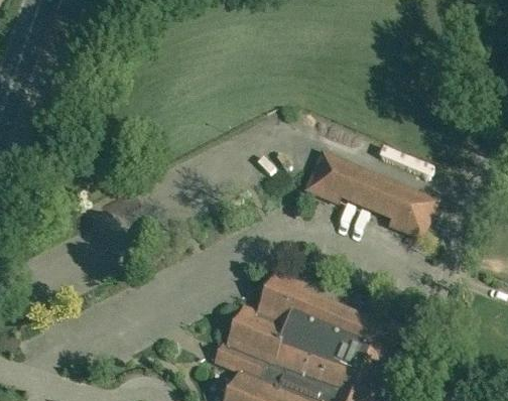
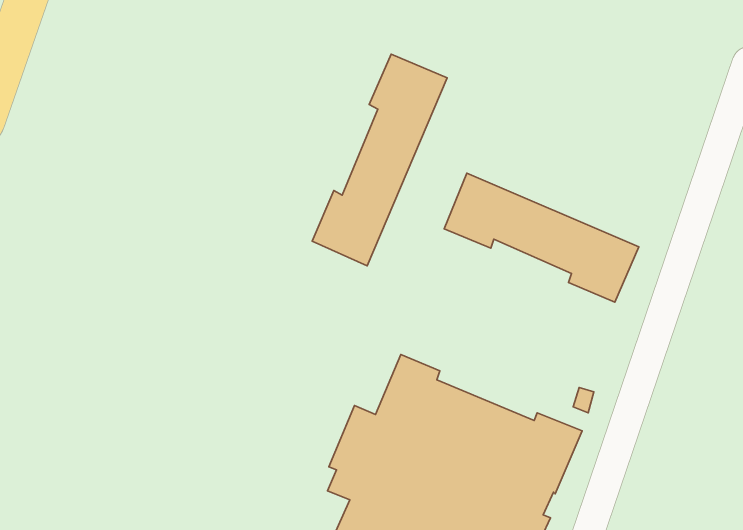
building: none -> [312,54,447,266]

